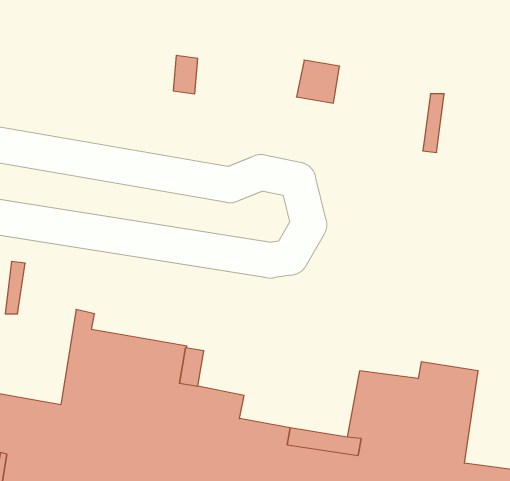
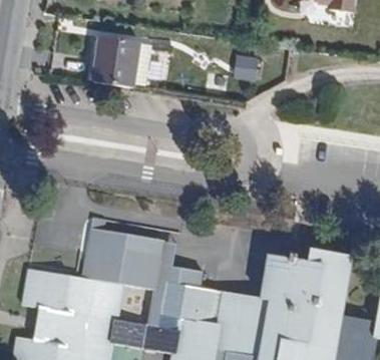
building: none -> [93,35,142,88]

